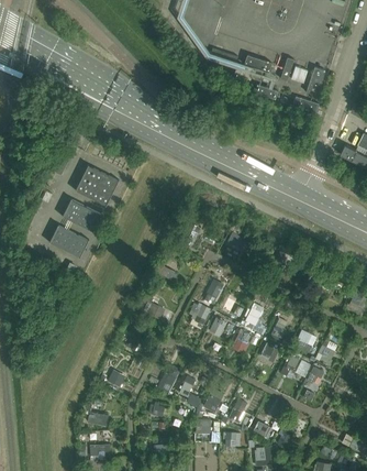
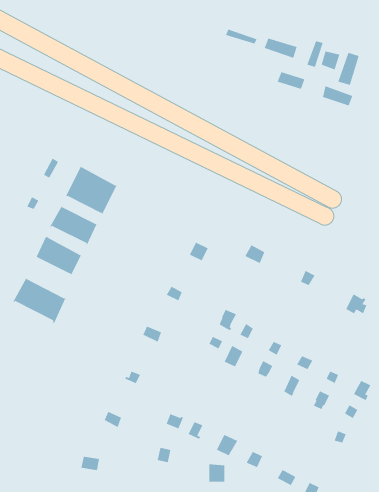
building: none -> [12,277,66,323]

